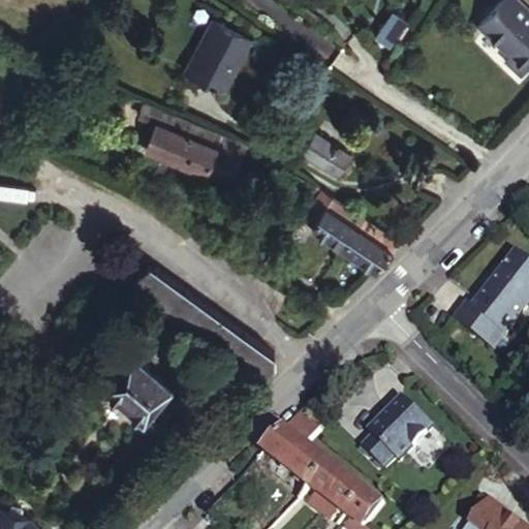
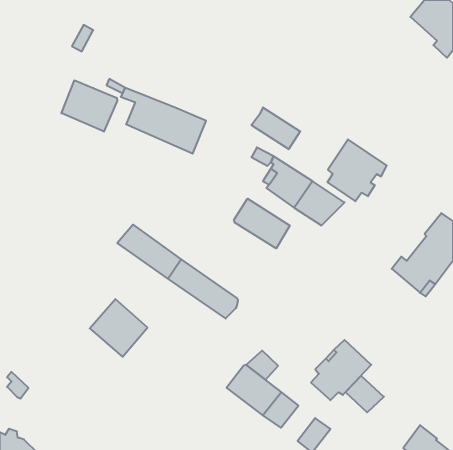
building: [176,14,243,87] -> none
building: none -> [61,80,117,132]
building: none -> [328,139,387,201]
building: none -> [234,199,290,248]
building: none -> [345,376,384,412]
building: [326,476,367,518] -> none

